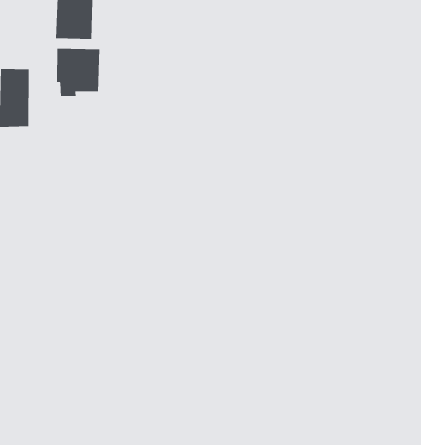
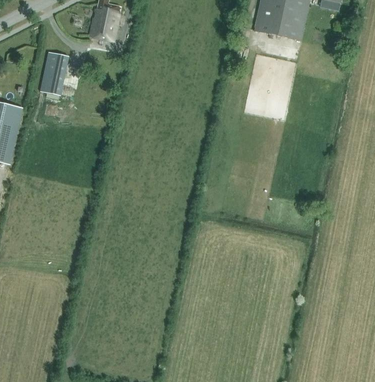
building: [56,48,100,97] -> none

